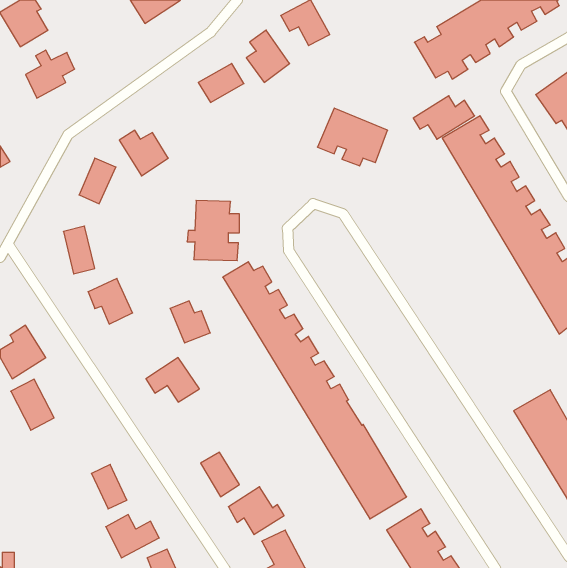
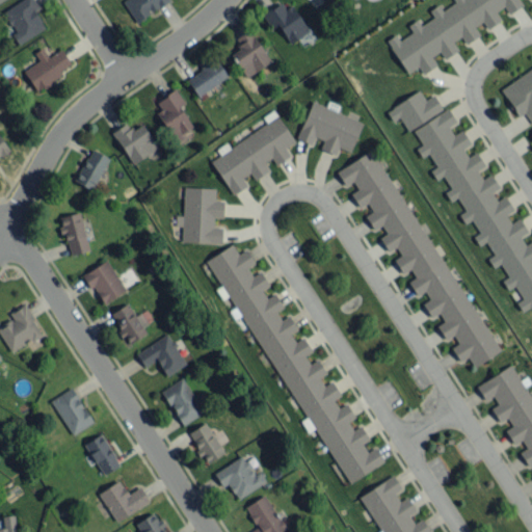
building: none -> [158,89,197,147]
building: none -> [212,115,296,196]
building: none -> [341,149,499,368]
building: [170,301,210,343] -> [113,304,151,344]
building: [11,379,54,430] -> [53,388,94,435]
building: none -> [163,378,205,426]

